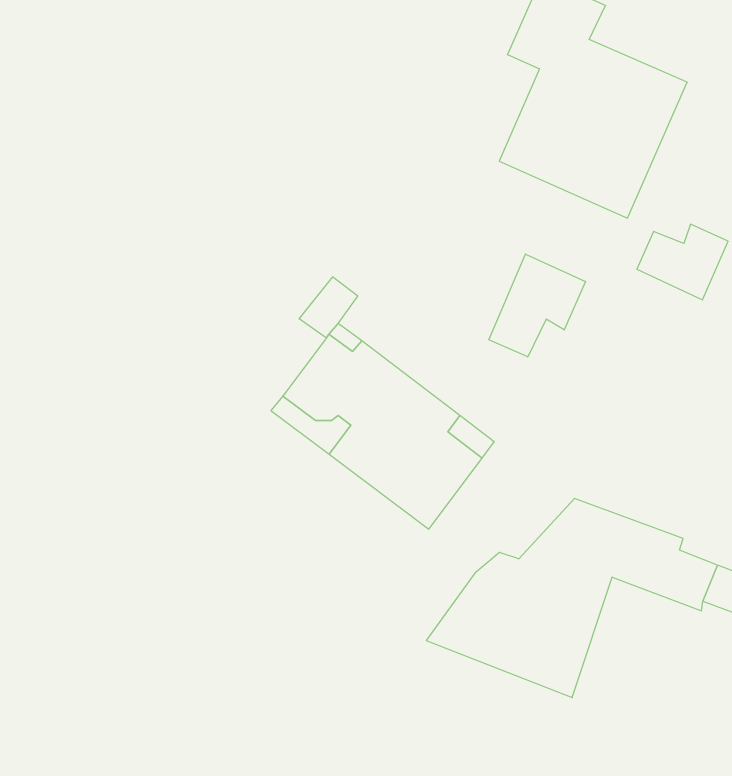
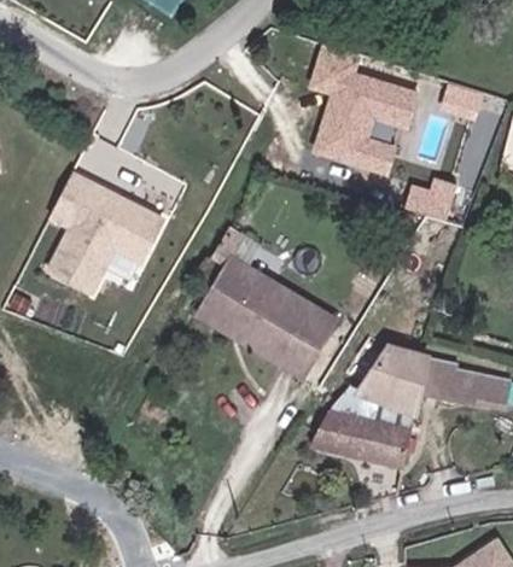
building: none -> [49,175,163,292]
building: [489,254,586,357] -> none

